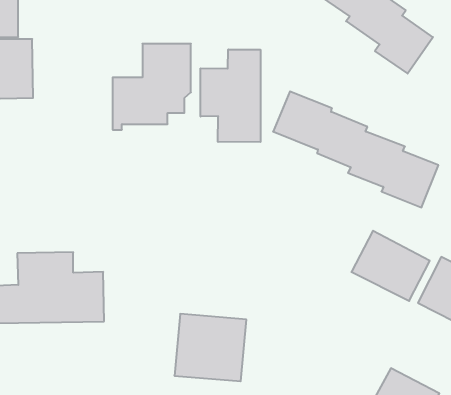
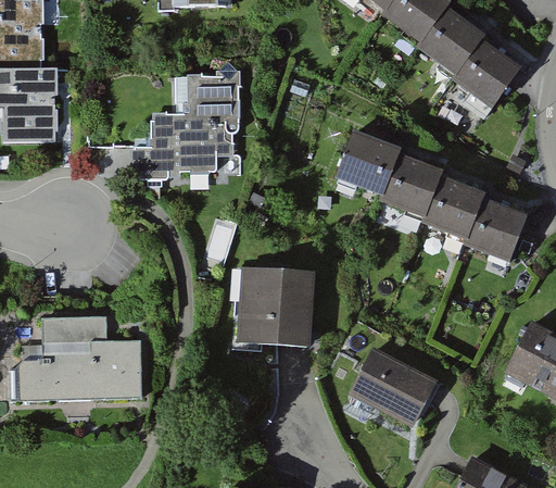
building: [201,49,260,142] -> none
building: [351,231,430,301] -> [343,346,434,427]
building: [174,314,246,381] -> [233,268,317,347]

